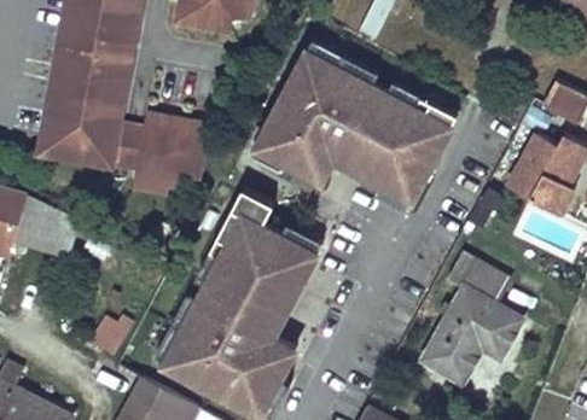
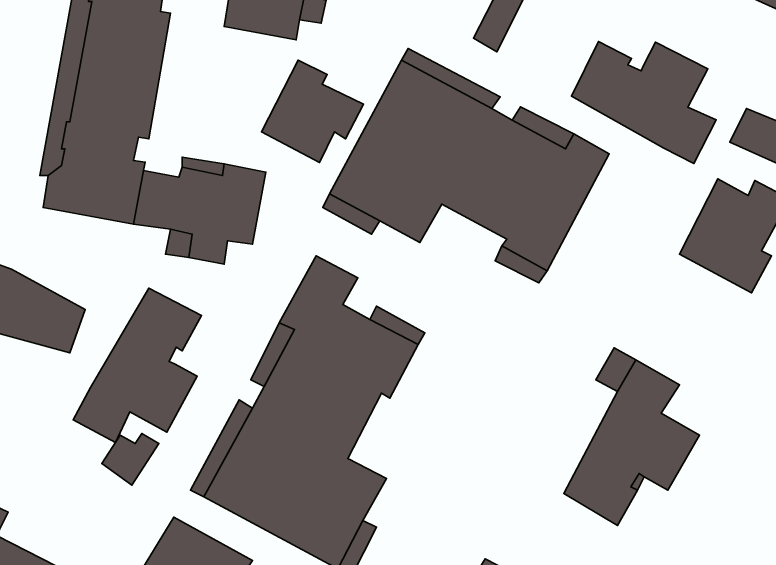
building: none -> [572,41,716,163]
building: none -> [262,60,363,162]
building: none -> [73,288,202,442]

